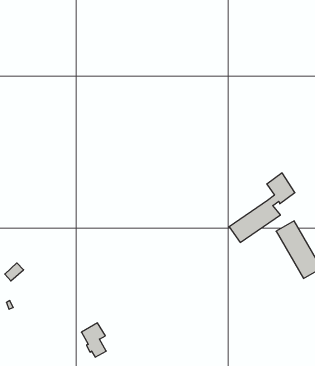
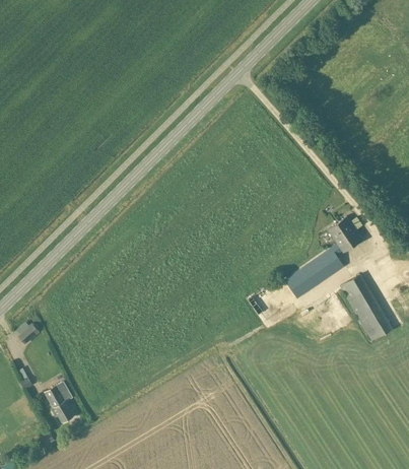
building: [81,323,106,357] -> [44,382,73,422]

